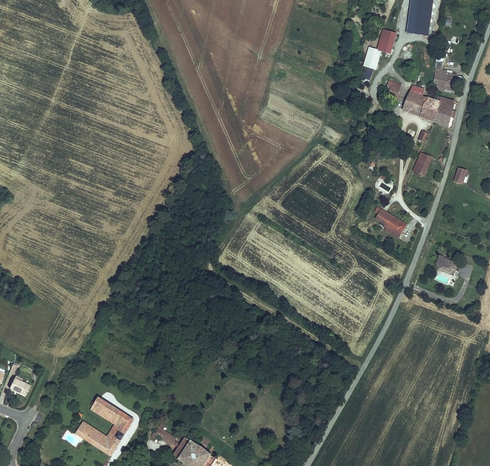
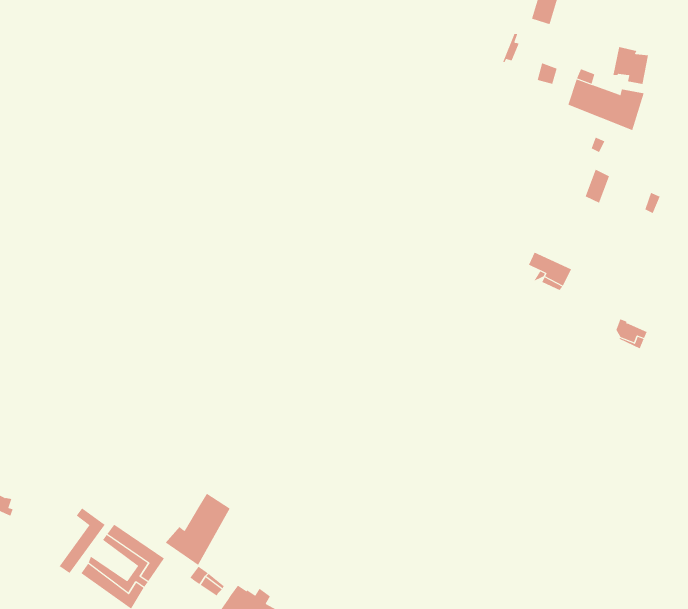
building: none -> [165,493,231,566]
building: none -> [59,508,105,574]

